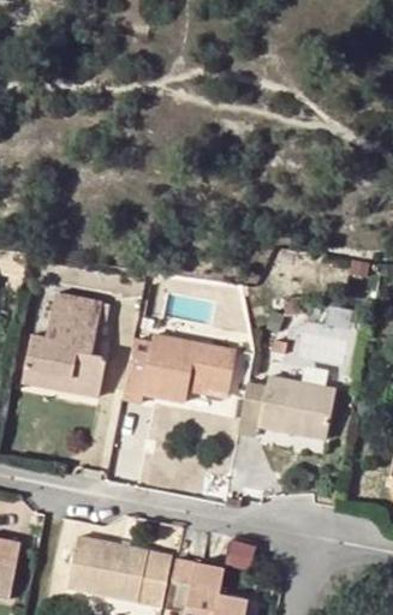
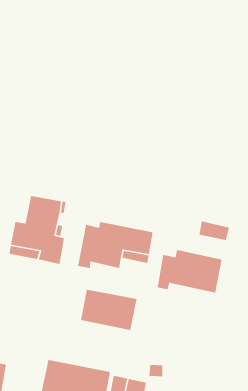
building: none -> [80,289,137,331]

